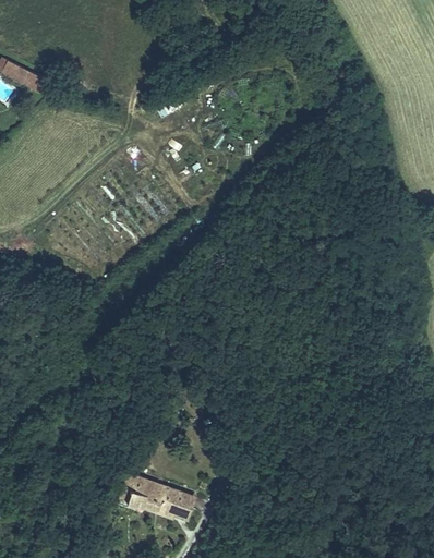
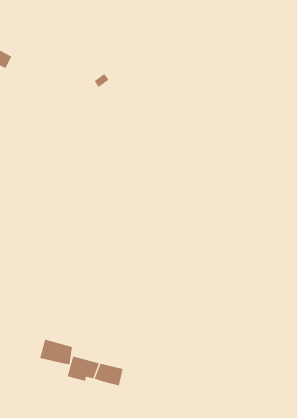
building: none -> [39,339,73,365]

